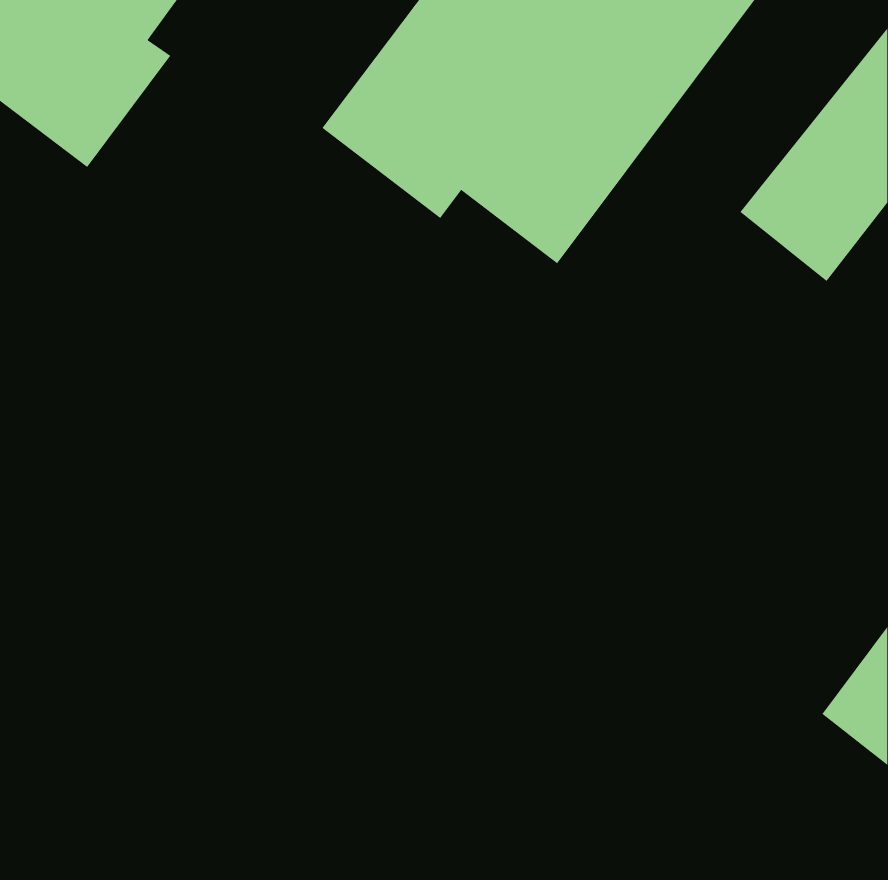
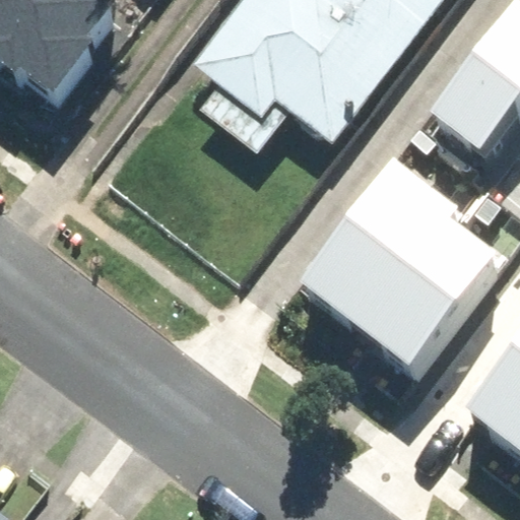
building: none -> [308,158,500,366]

